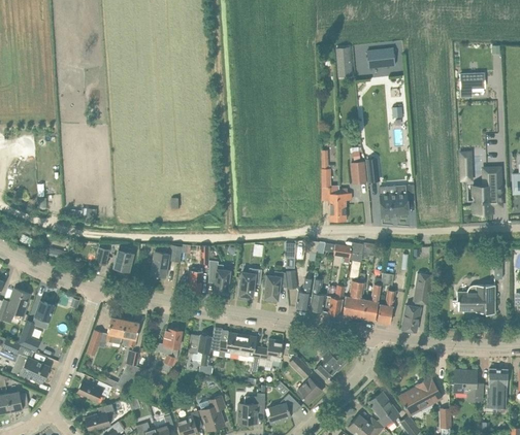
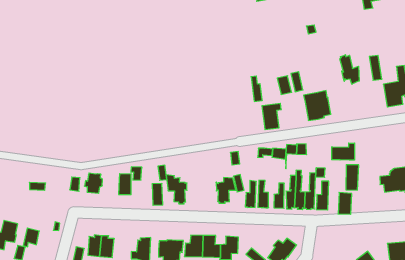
building: none -> [340,55,359,84]
building: none -> [332,143,355,160]
building: [238,267,261,297] -> none

